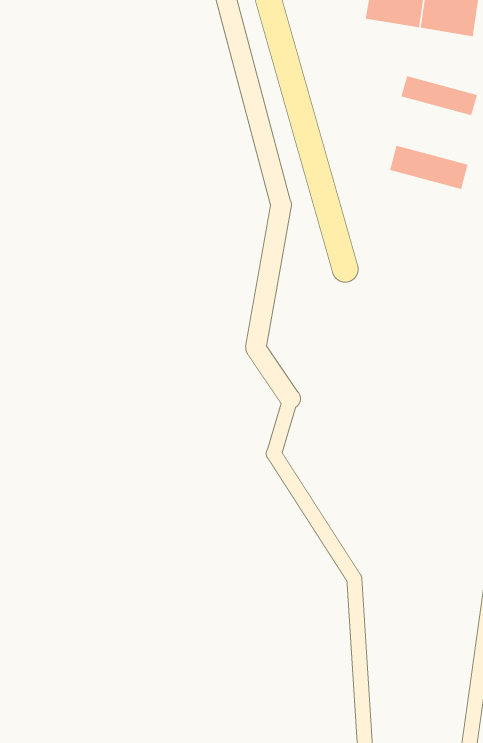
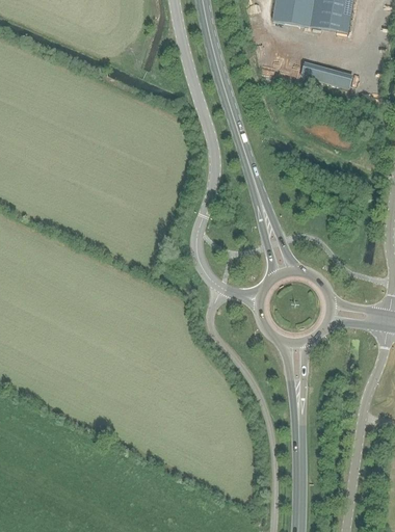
building: [390,145,468,190] -> none

